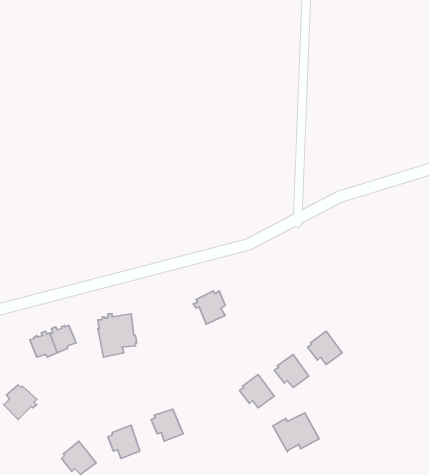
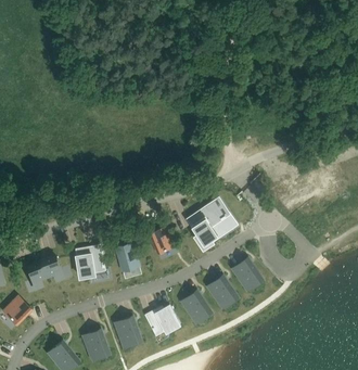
building: none -> [178,206,226,248]
building: none -> [115,243,139,271]
building: [273,413,319,452] -> [145,306,180,335]

